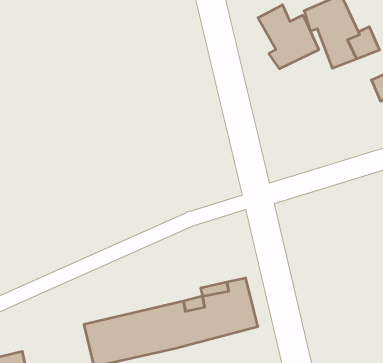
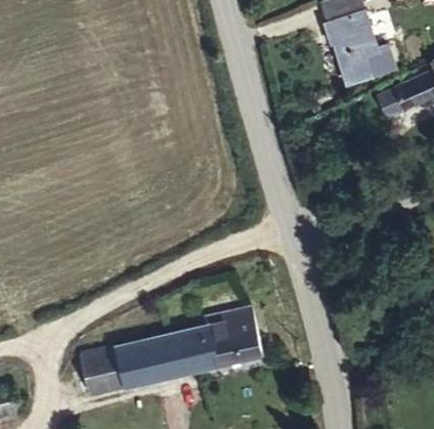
building: [258,5,319,69] -> none

